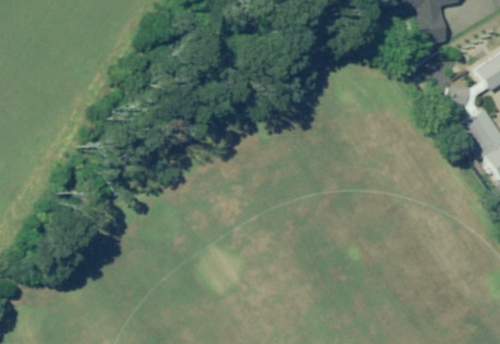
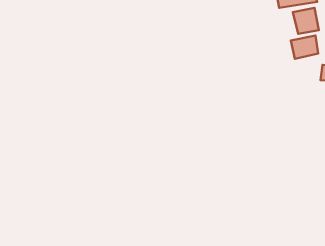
building: none -> [291,35,318,59]

